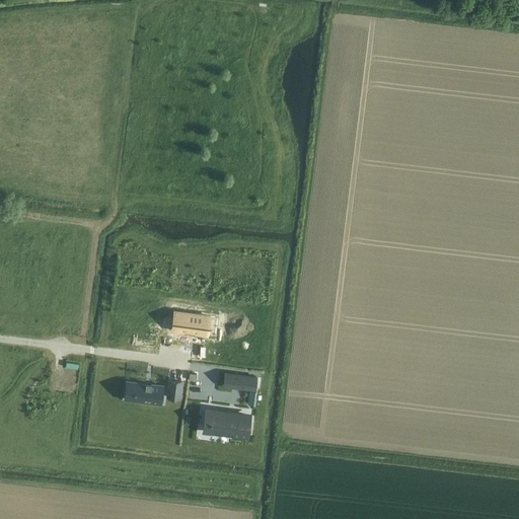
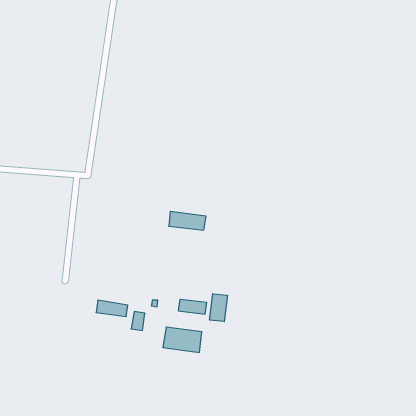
building: [171,313,218,337] -> [169,211,206,230]
building: none -> [210,294,227,322]

